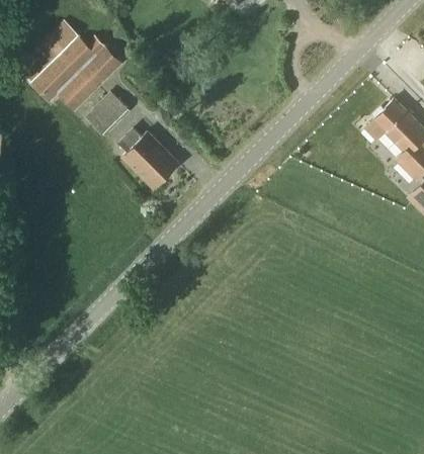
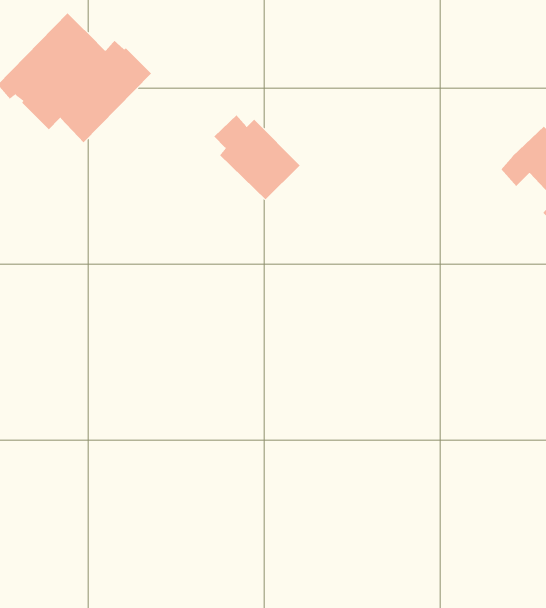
building: [89,92,133,135] -> none
building: [119,127,180,187] -> [213,115,301,200]

